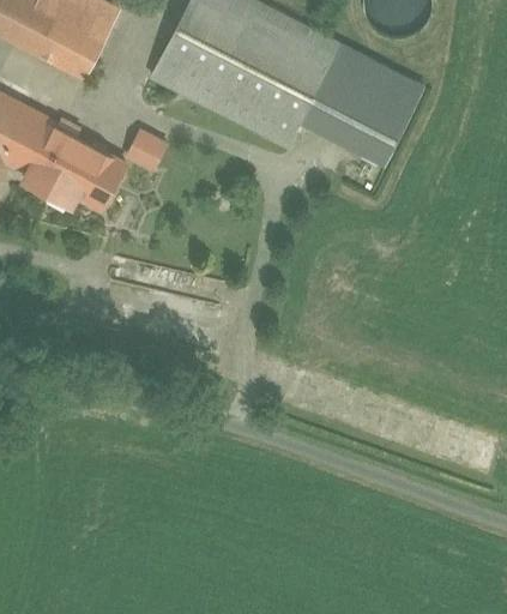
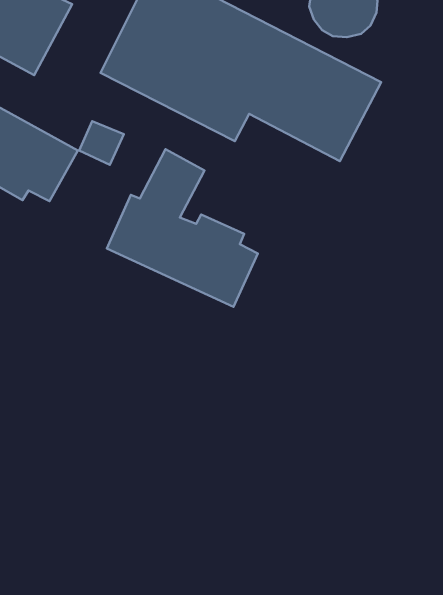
building: none -> [107,149,258,307]

